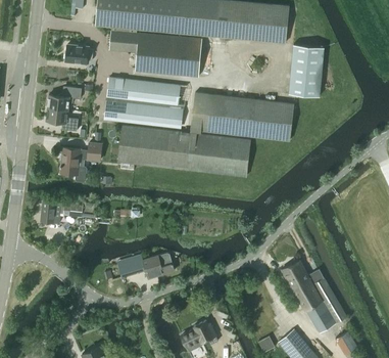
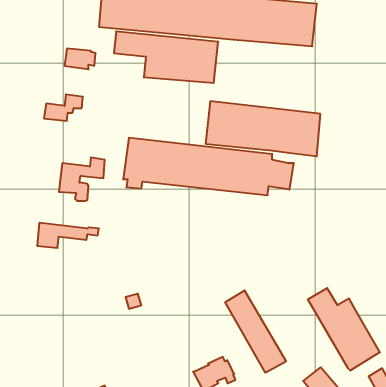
building: [288,44,324,96] -> none
building: [104,77,193,129] -> none
building: [46,107,78,131] -> none
building: [132,252,175,278] -> none
building: none -> [225,290,286,373]

